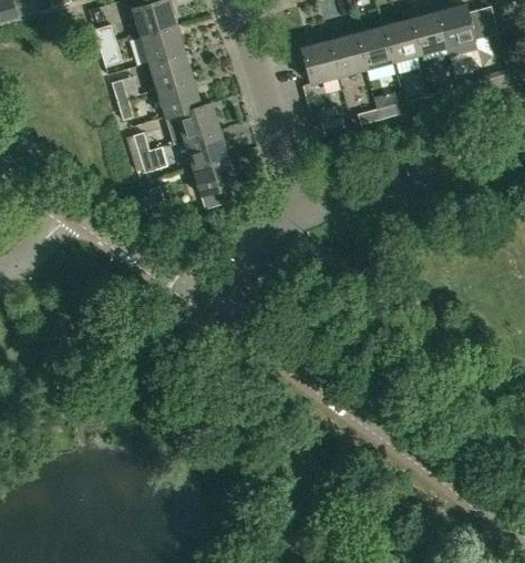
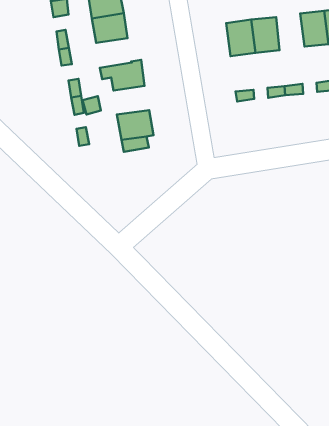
building: [356,25,392,70] -> none
building: [157,80,200,117] -> none
building: [184,131,227,167] -> none

